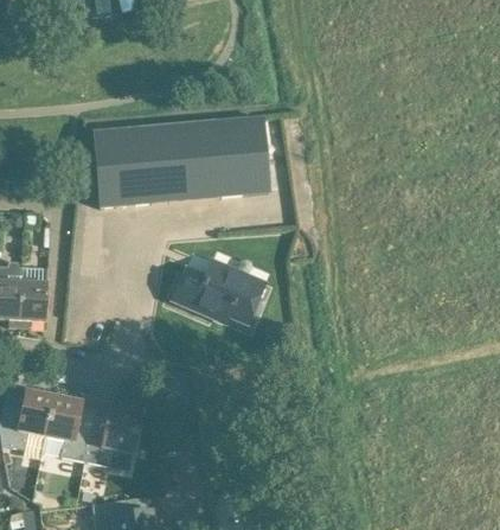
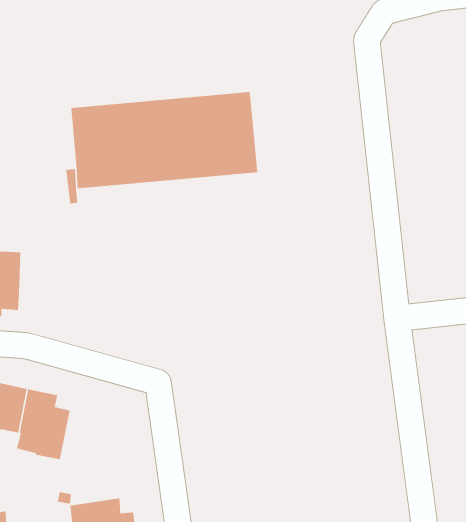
building: [172,263,263,323] -> none
building: [84,406,141,468] -> none

